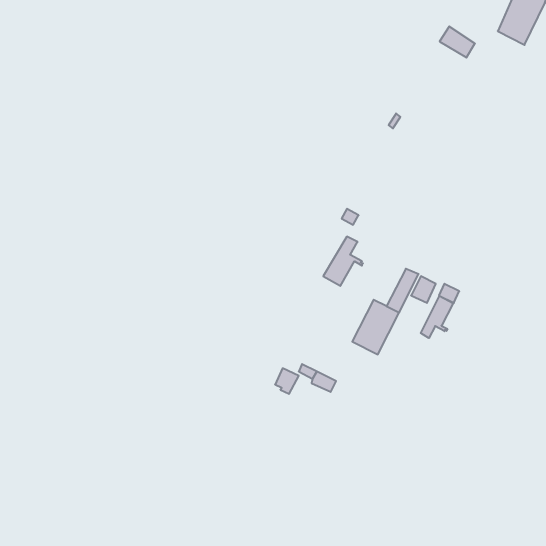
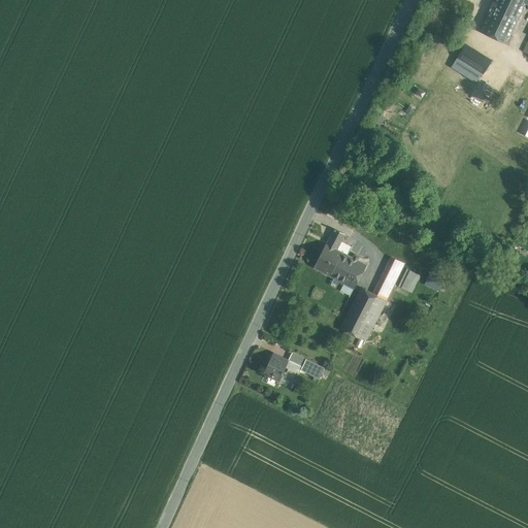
building: [440,26,475,58] -> [456,43,490,73]
building: none -> [328,252,366,289]
building: [421,296,453,338] -> none

